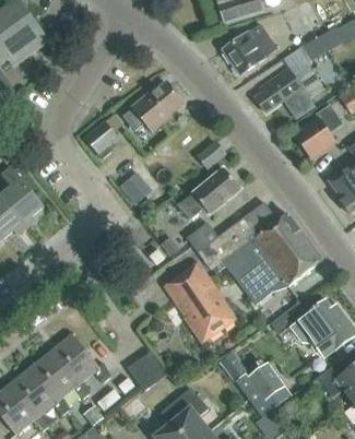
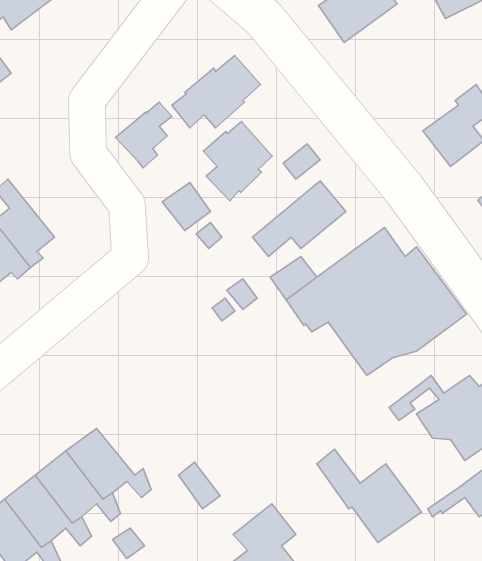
building: [255,64,322,119] -> none
building: none -> [204,122,272,201]
building: [164,260,236,343] -> none

